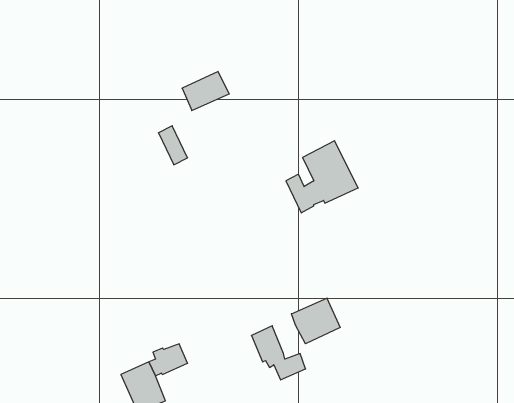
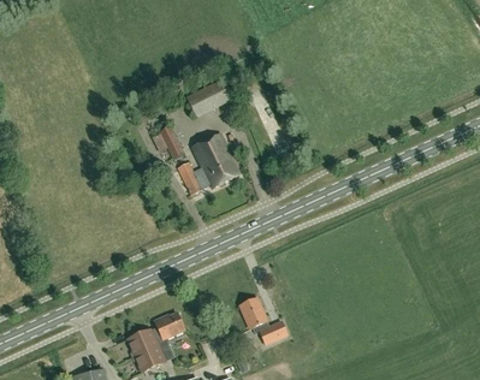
building: [286,141,358,213] -> [178,132,241,195]
building: [291,298,340,344] -> none

